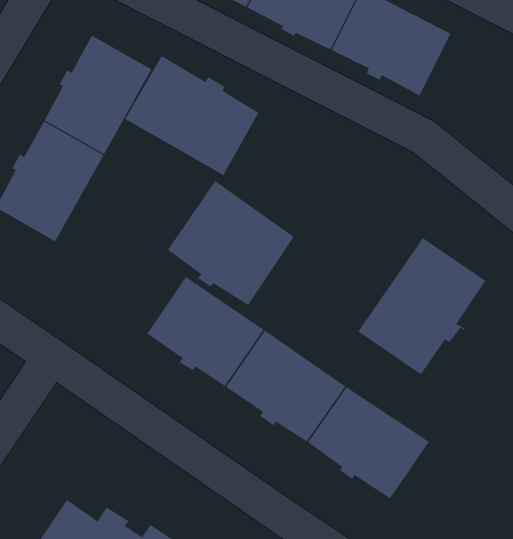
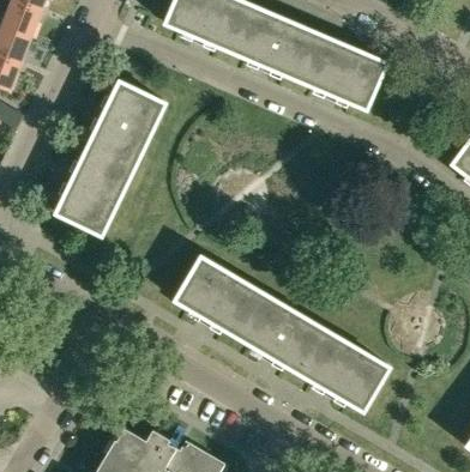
building: [124,55,259,176] -> none
building: [167,180,295,306] -> none
building: [357,237,486,375] -> none

